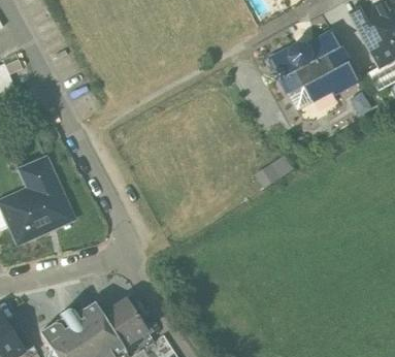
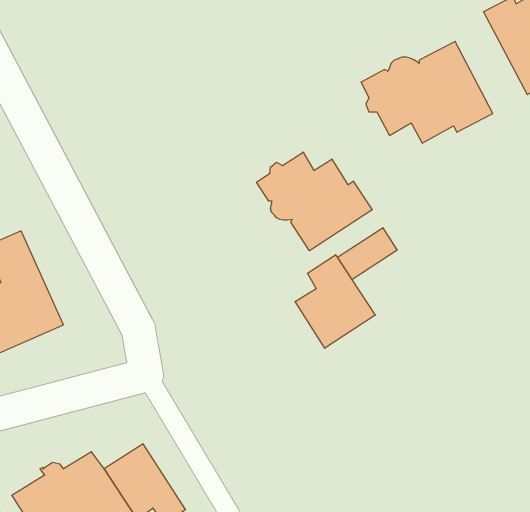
building: none -> [257,152,372,251]
building: none -> [295,255,375,348]

